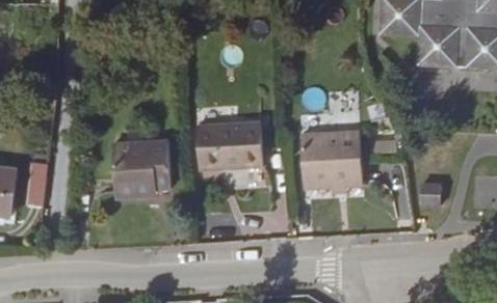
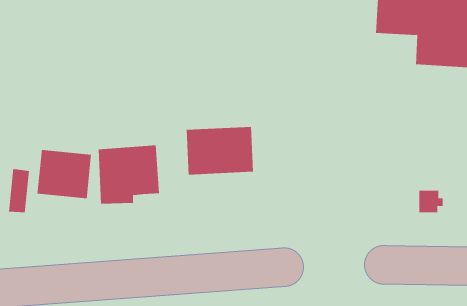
building: [302,132,364,193] -> none
building: none -> [37,149,92,199]

